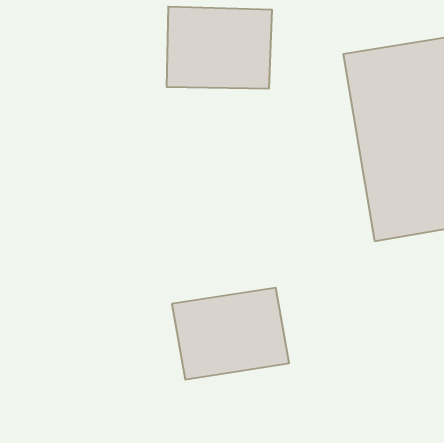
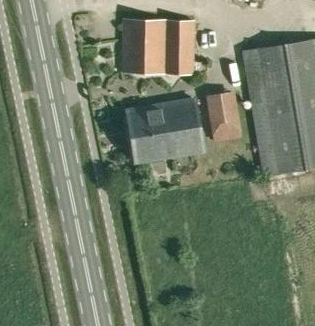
building: none -> [205,91,241,136]
building: [172,288,289,380] -> [125,100,204,162]

